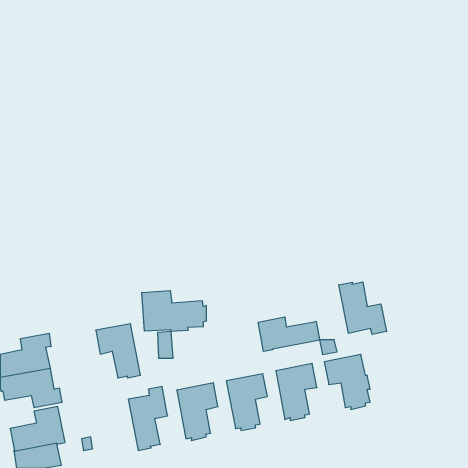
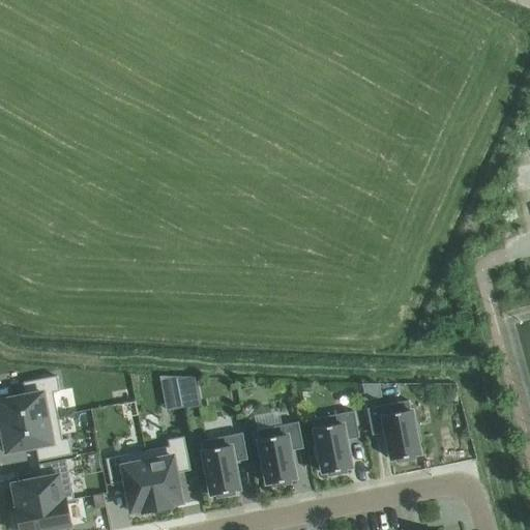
building: [339,282,387,334] -> none
building: [142,291,206,332] -> none
building: [258,317,320,351] -> none
building: [96,324,141,378] -> [106,451,156,512]

